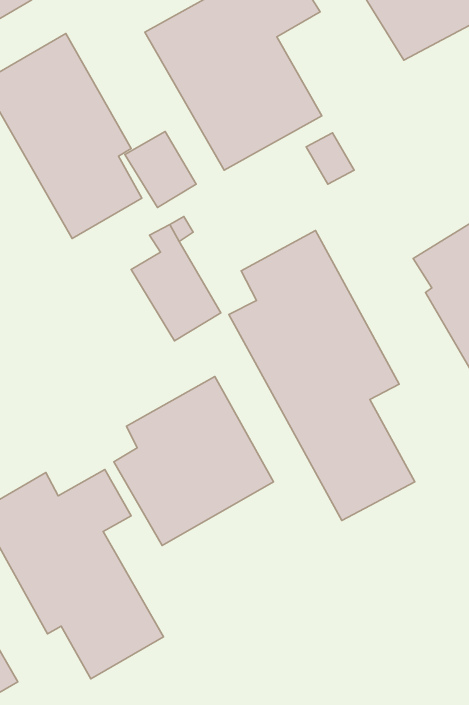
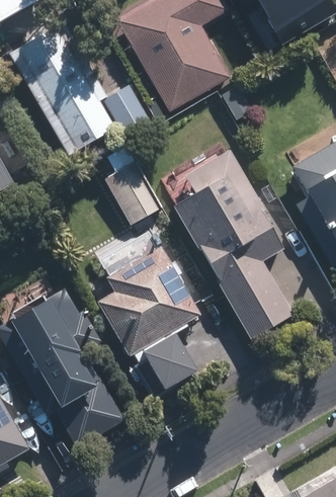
building: none -> [134,337,187,392]

